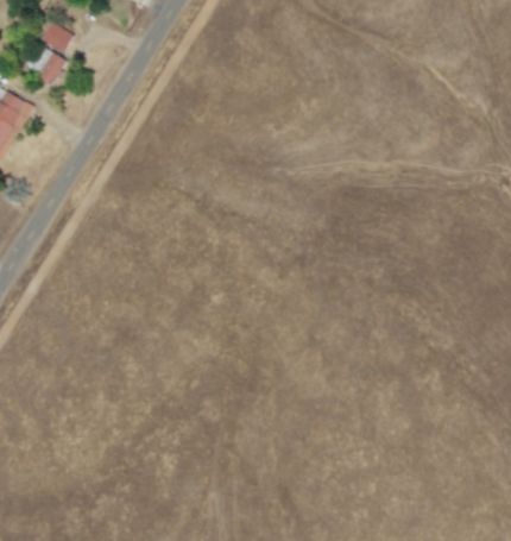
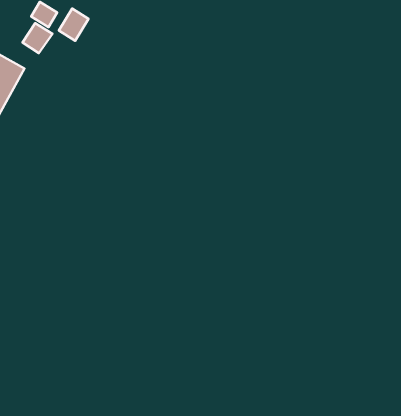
building: none -> [59,9,89,41]

